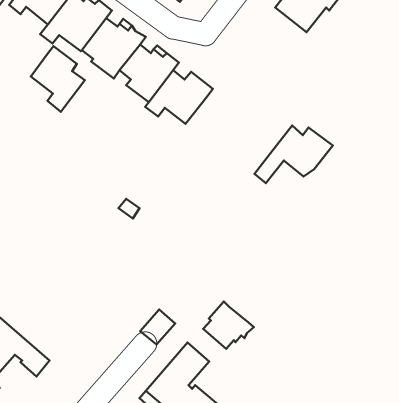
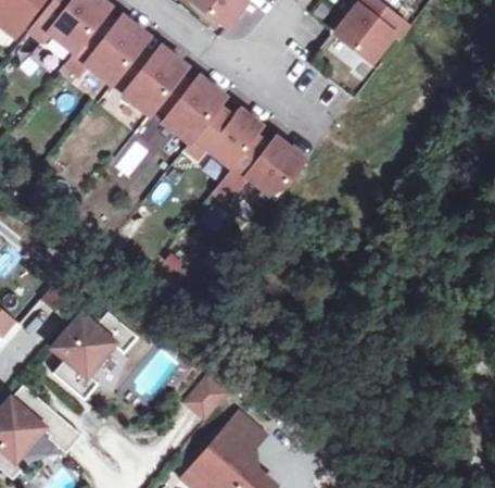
building: [31,46,85,112] -> none
building: [255,126,333,183] -> [216,134,306,200]
building: none -> [49,312,135,401]
building: [203,301,254,349] -> none

